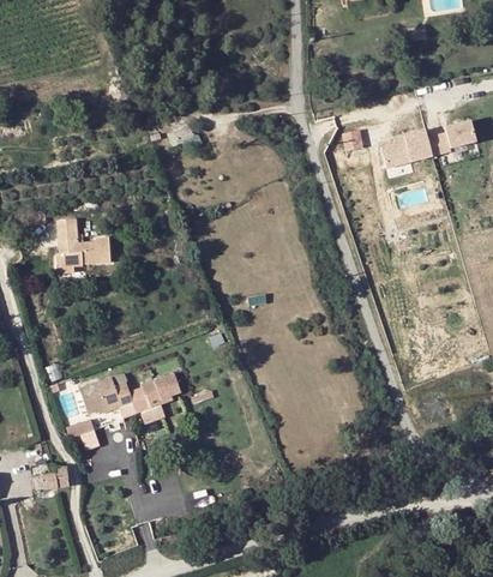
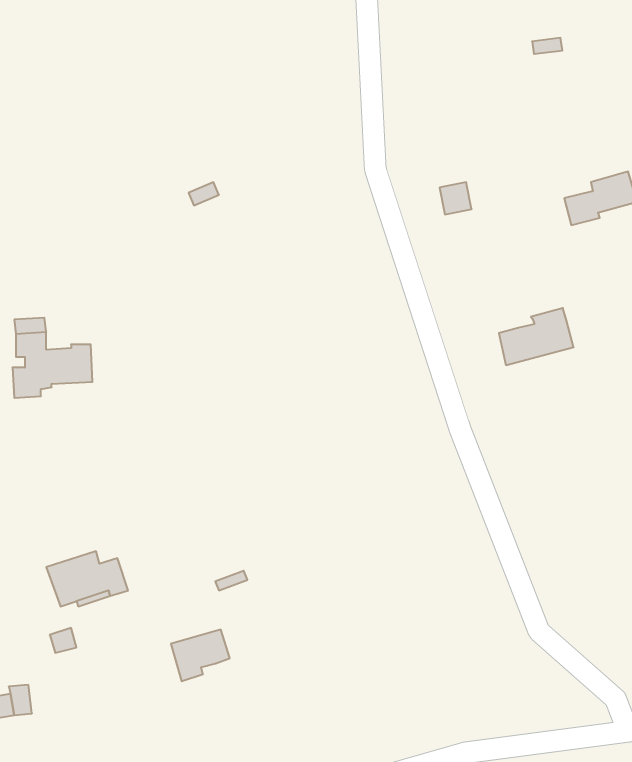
building: [381,131,432,169] -> [499,308,574,365]
building: [142,374,181,409] -> [171,630,230,681]

